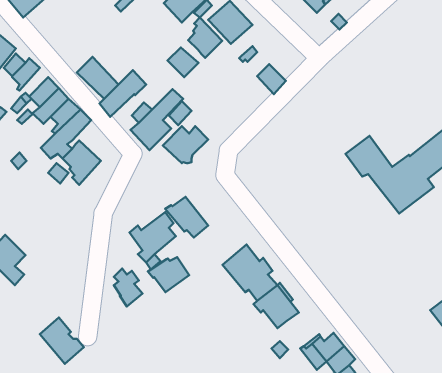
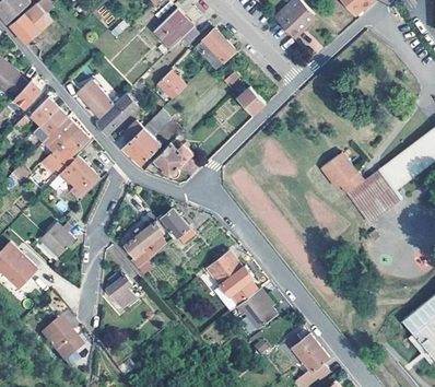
building: [188,18,222,58] -> none
building: none -> [38,221,75,258]
building: [148,257,189,292] -> none

